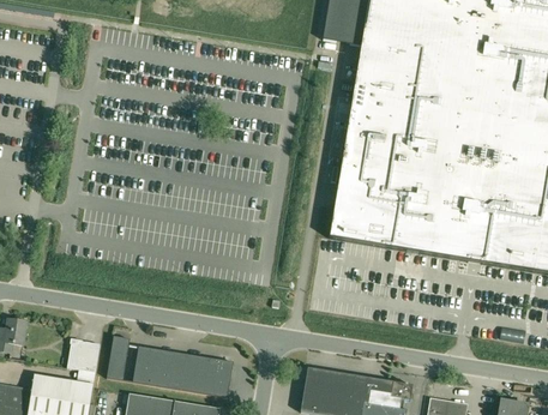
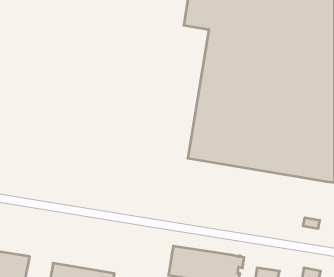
building: [107,335,130,379] -> none
building: [67,338,100,371] -> none
building: [133,345,233,396] -> none

